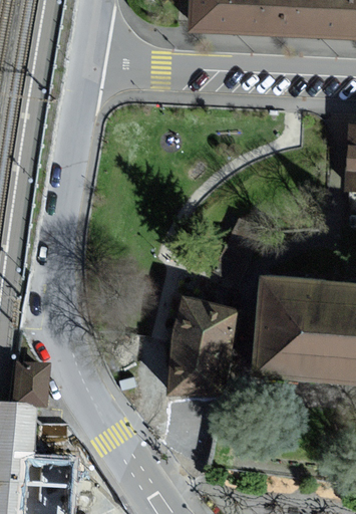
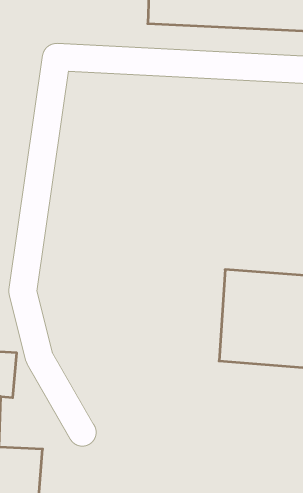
building: [170,299,240,400] -> none

